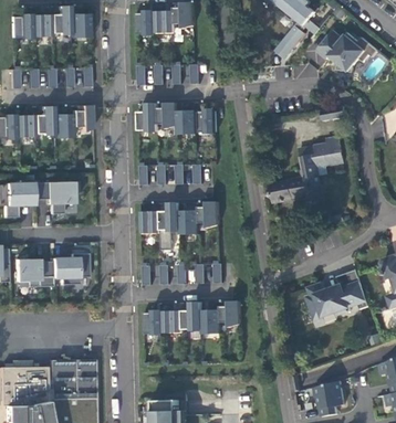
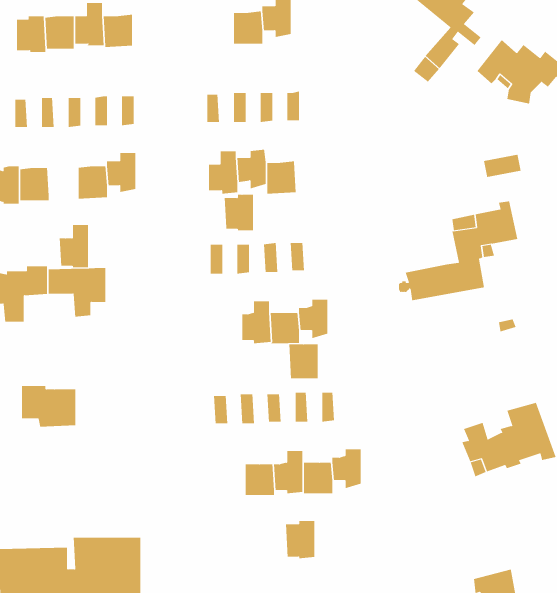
building: [135,11,155,35] -> none
building: [32,106,52,135] -> [59,225,89,268]
building: [196,109,216,134] -> [224,194,254,231]
building: [140,212,160,235] -> [289,344,319,379]
building: [50,254,87,285] -> none
building: [143,310,163,336] -> [285,520,315,559]

